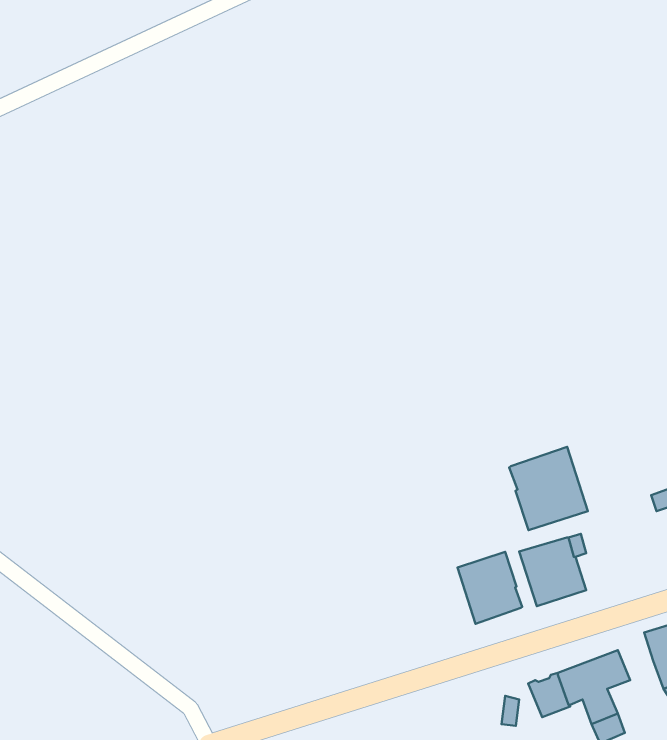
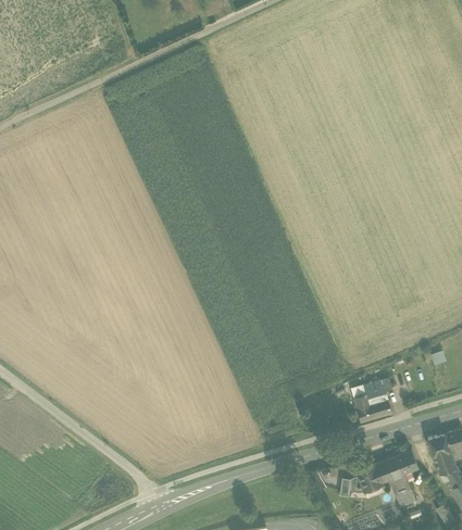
building: [509,447,588,530] -> none
building: [457,552,522,624] -> none

